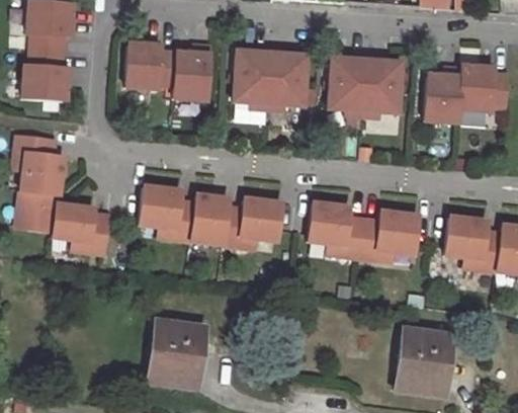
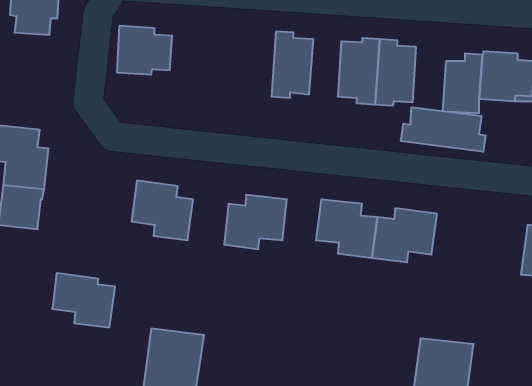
building: [173,46,210,100] -> none
building: [233,48,271,108] -> none
building: [23,50,68,100] -> none
building: none -> [401,107,486,152]
building: [190,194,229,244] -> none
building: [52,202,109,252] -> [52,273,115,327]
building: [444,217,501,271] -> none

